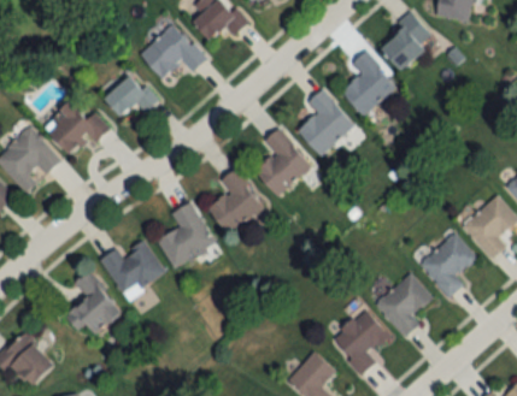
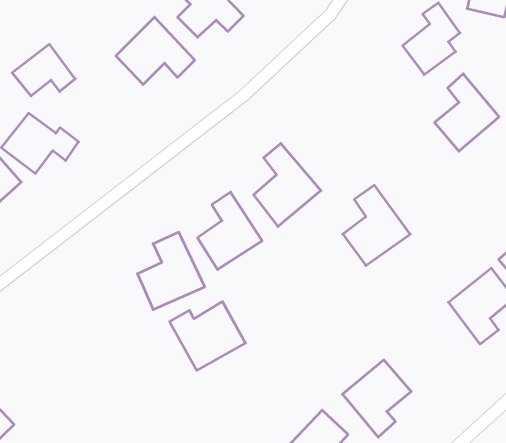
building: [341,51,395,116] -> [435,74,499,151]
building: [104,72,157,116] -> [12,44,75,96]
building: [298,88,354,155] -> [343,185,410,266]
building: [100,241,164,299] -> [170,302,246,370]
building: [65,271,121,335] -> none
building: [375,273,430,337] -> none

